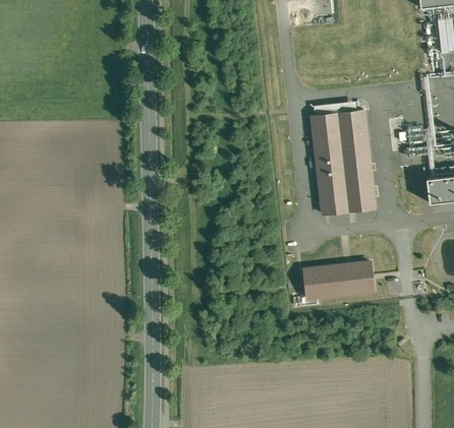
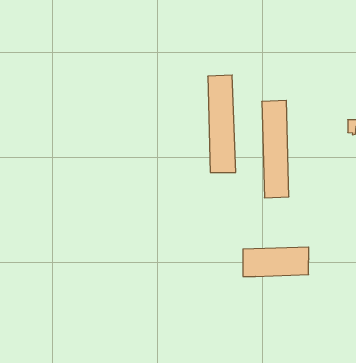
building: [338,109,375,211] -> [208,75,236,172]

